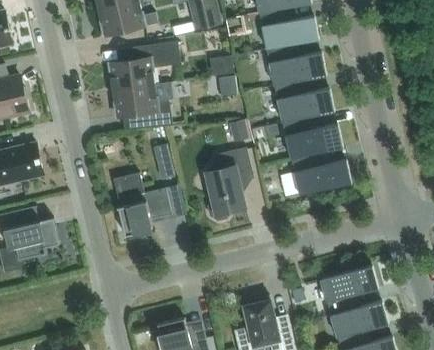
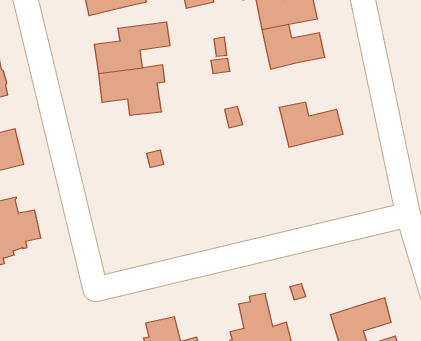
building: [274,80,333,122] -> none
building: [205,147,253,221] -> none
building: [291,153,350,195] -> none
building: [113,173,171,236] -> none
building: [320,265,377,316] -> none

